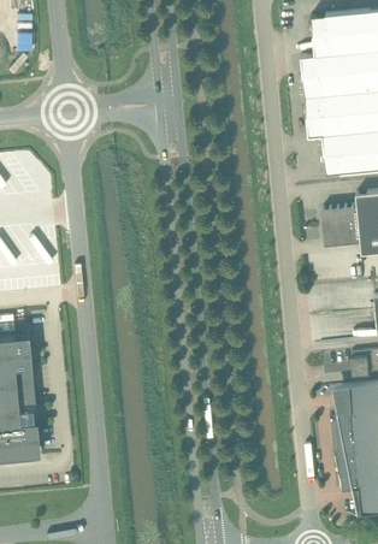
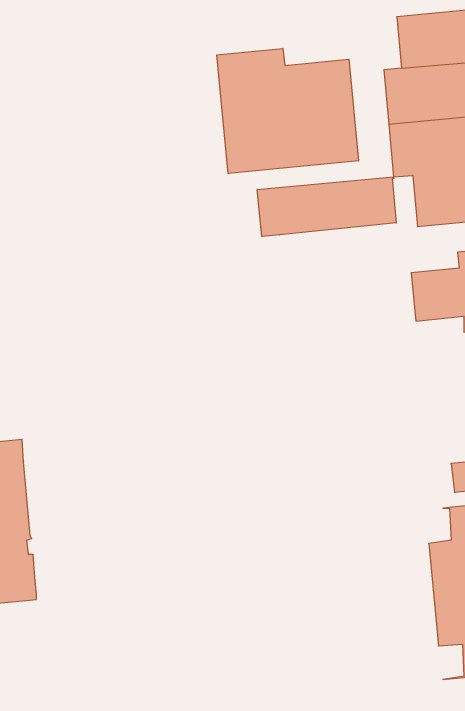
building: none -> [217,48,358,174]
building: none -> [257,177,396,237]

